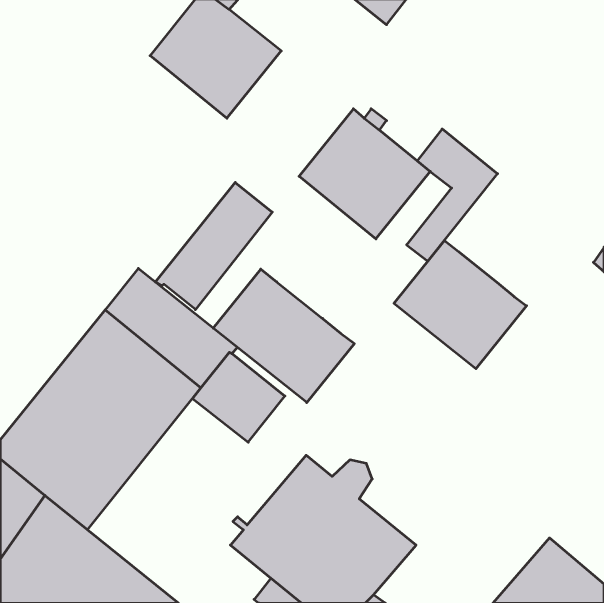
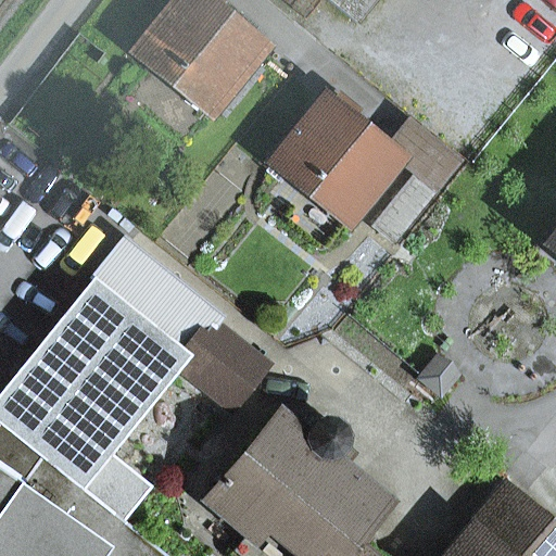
building: [155,182,272,310] -> none
building: [394,241,527,369] -> none
building: [213,269,354,403] -> none

